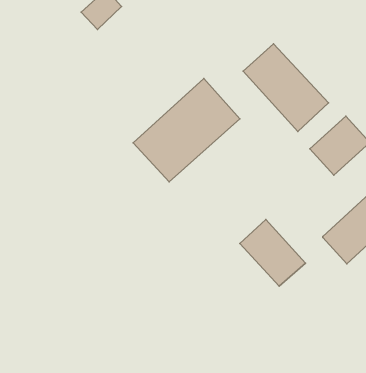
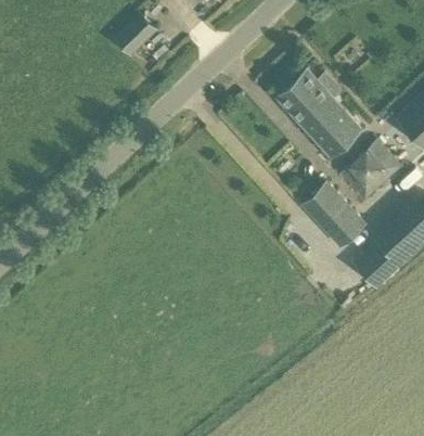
building: [133,79,240,182] -> none
building: [240,219,305,286] -> [303,183,368,249]

